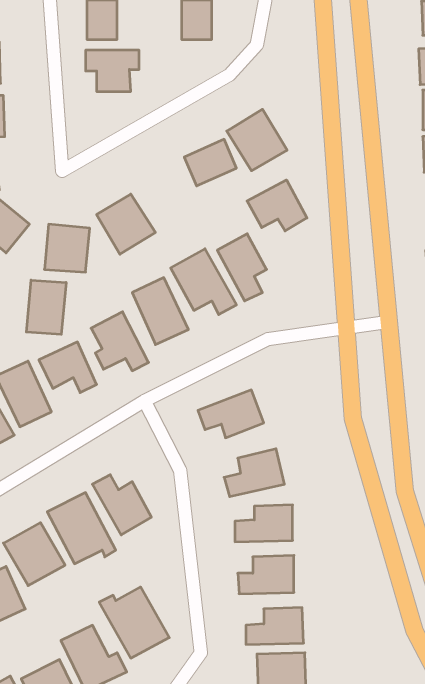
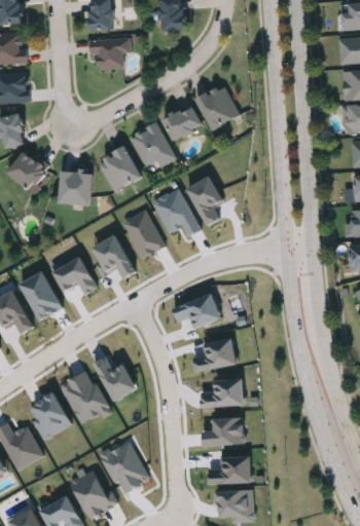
building: none -> [129,122,175,166]
building: [247,180,307,231] -> none
building: [26,280,66,334] -> none

